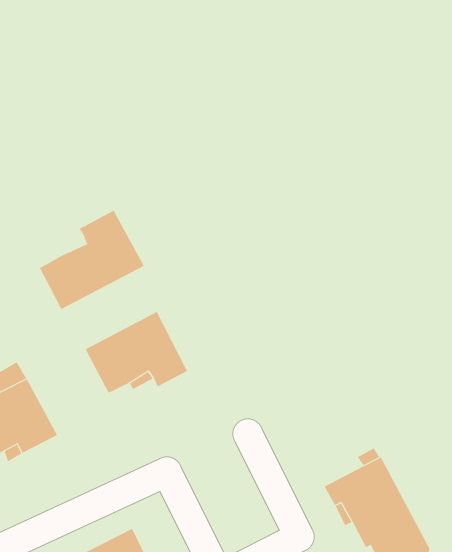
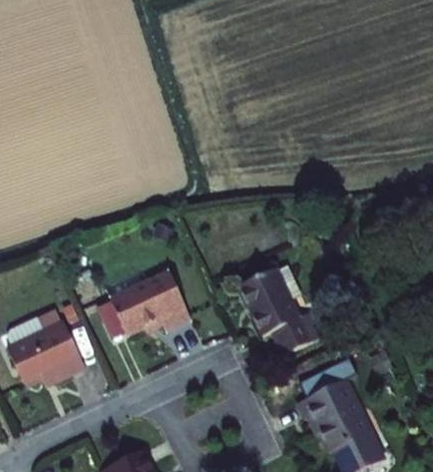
building: [39,210,145,310] -> none
building: none -> [237,266,320,358]

